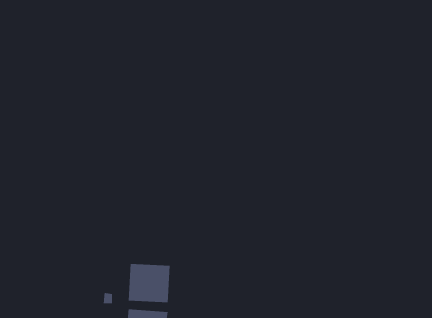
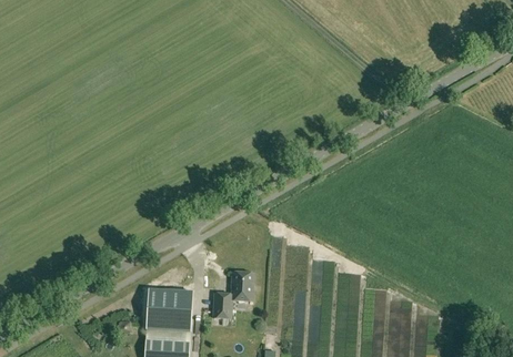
building: none -> [213,272,254,318]

